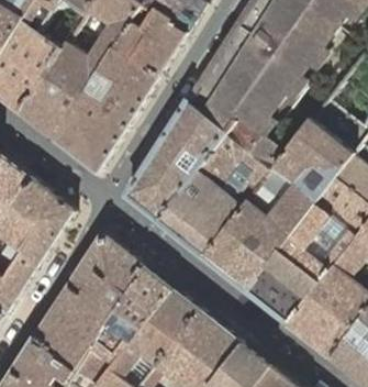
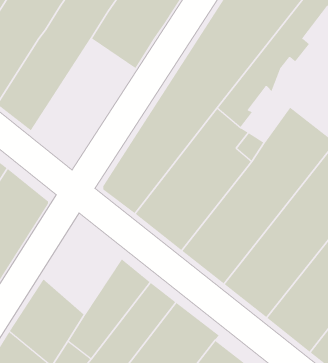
building: [55,48,158,173] -> none
building: [67,233,144,320] -> none

